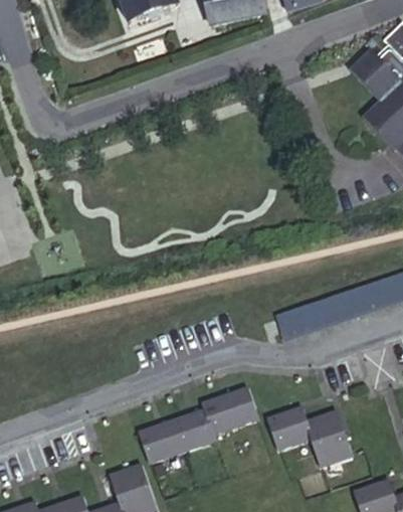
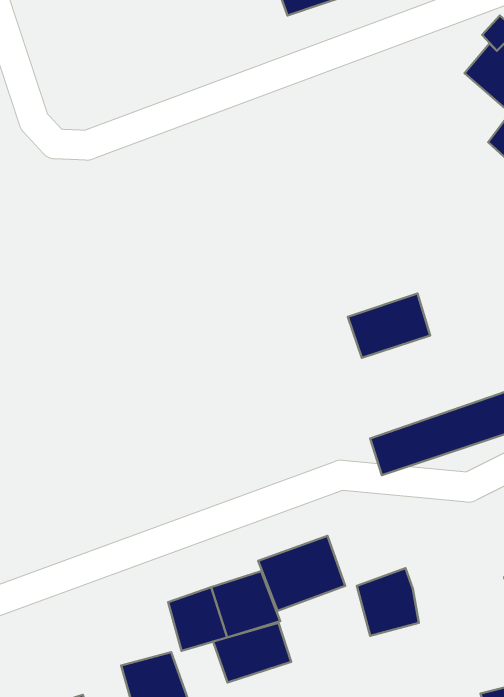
building: none -> [348,294,430,358]
building: [307,411,354,471] -> none
building: none -> [213,623,291,682]

